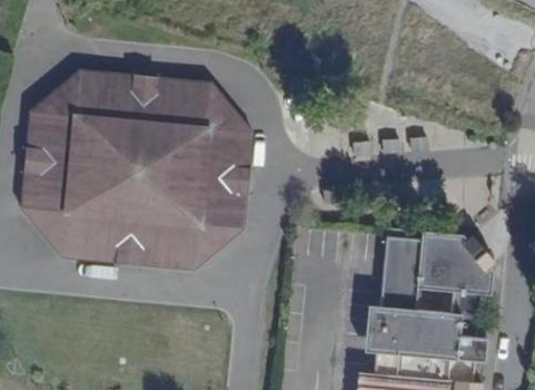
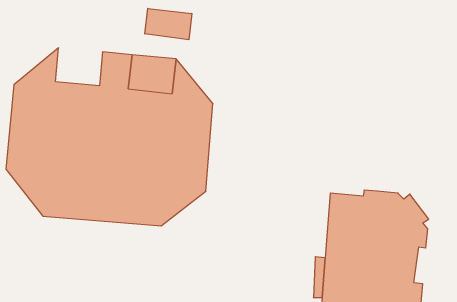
building: none -> [145,8,192,40]
building: [76,70,128,113] -> none

